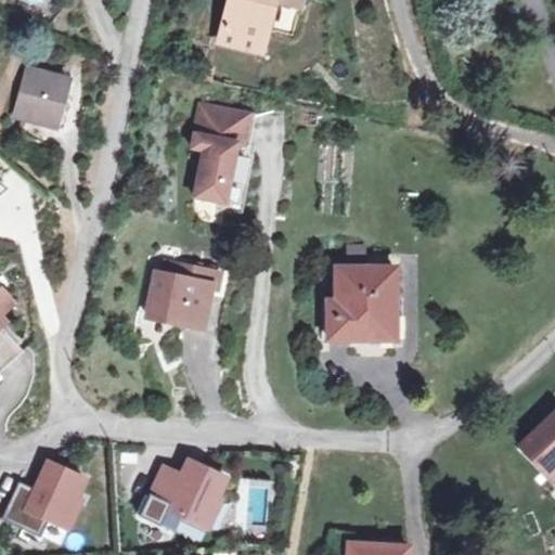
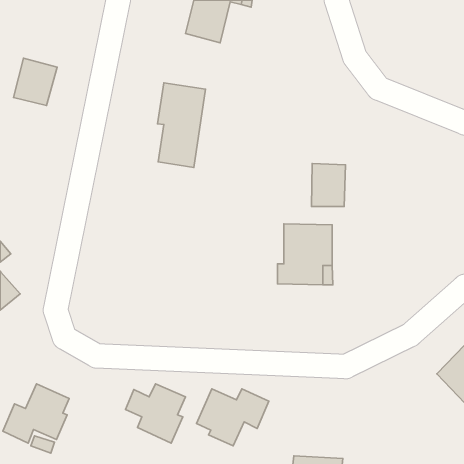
building: none -> [311,164,345,207]
building: [149,270,216,328] -> none
building: none -> [196,389,269,446]

